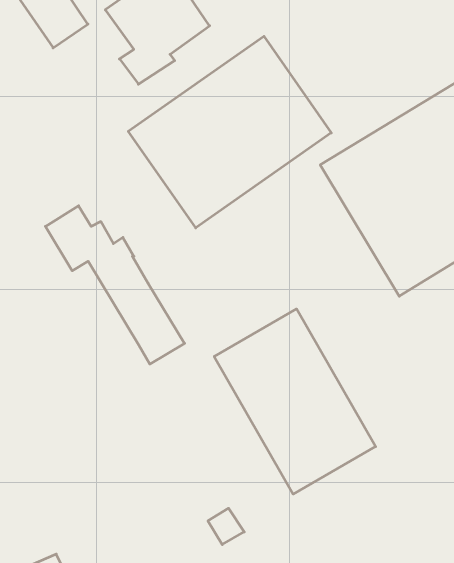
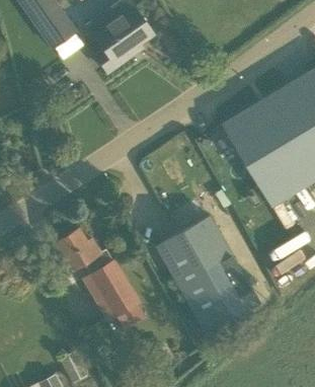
building: [128,36,331,228] -> none
building: [45,206,185,364] -> [56,229,145,330]

